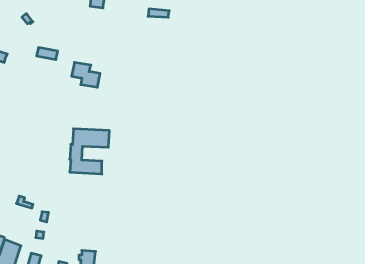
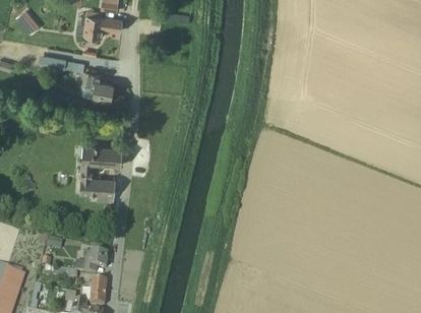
building: none -> [82,8,121,36]
building: none -> [74,249,108,271]

